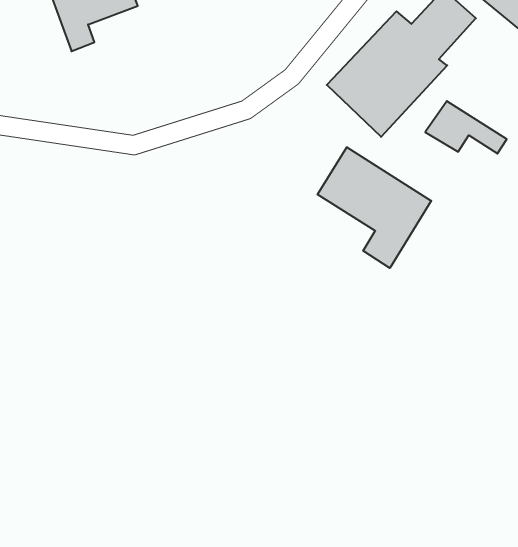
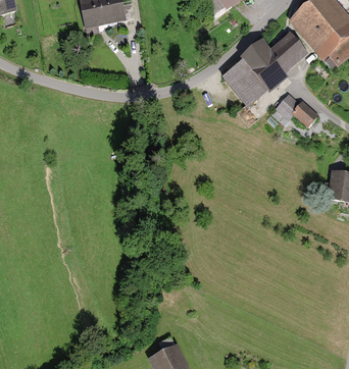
building: [318,147,431,268] -> none

